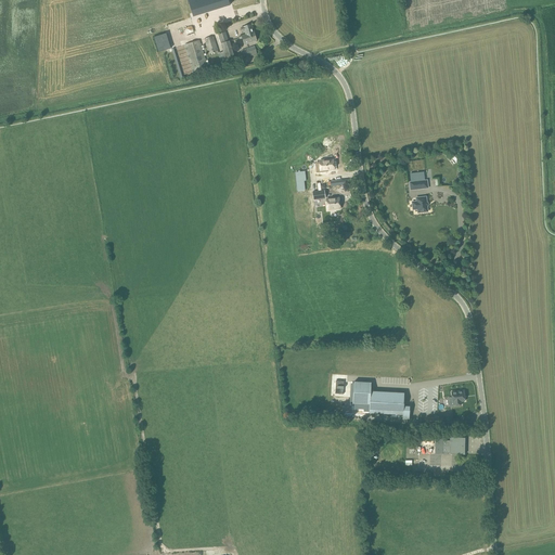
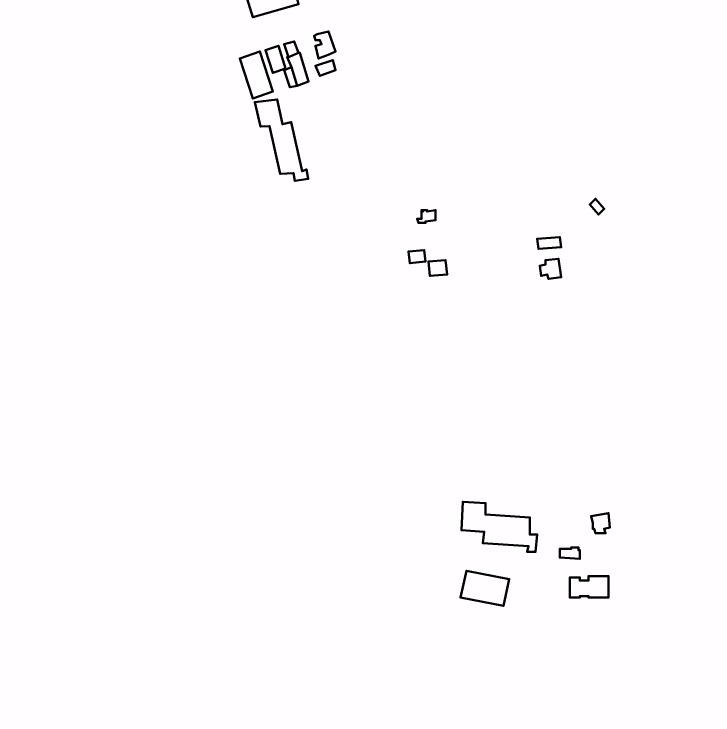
building: none -> [255,100,308,181]
building: none -> [461,571,509,606]

